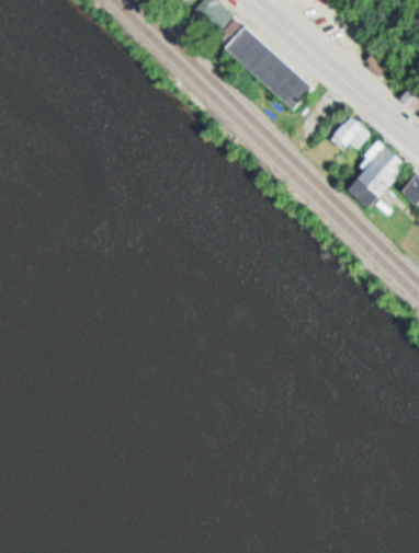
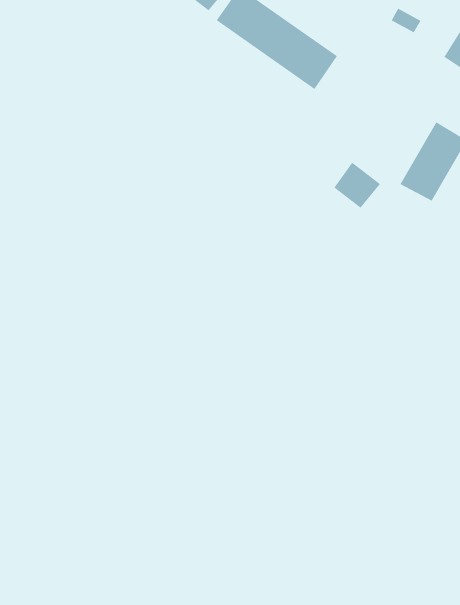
building: [335,116,371,152] -> [334,162,381,208]

